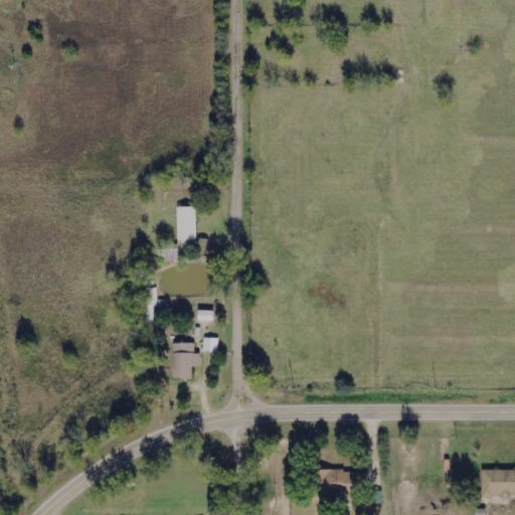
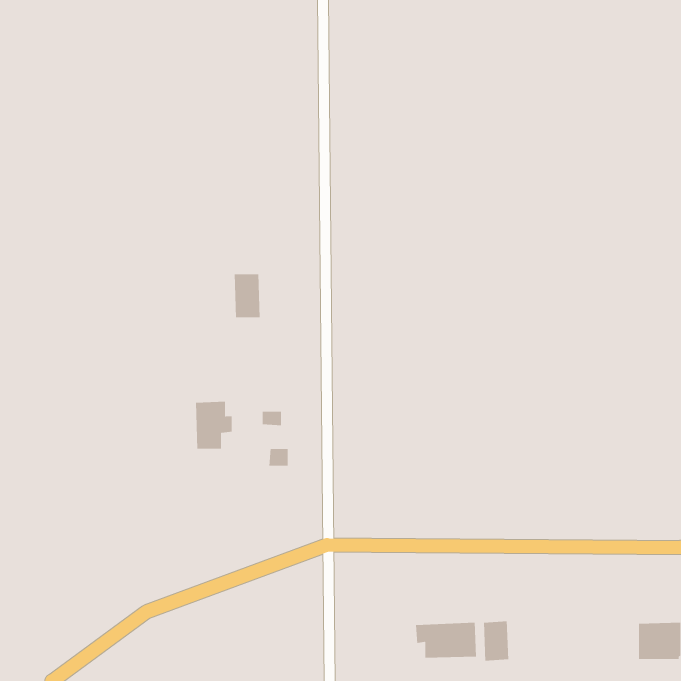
building: [171,342,199,378] -> [195,401,232,449]
building: none -> [483,621,509,661]

